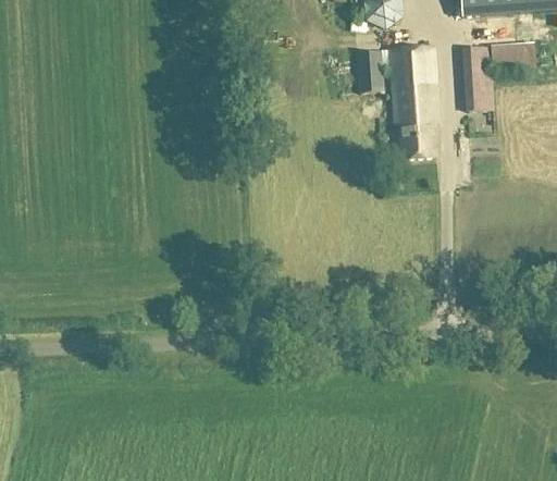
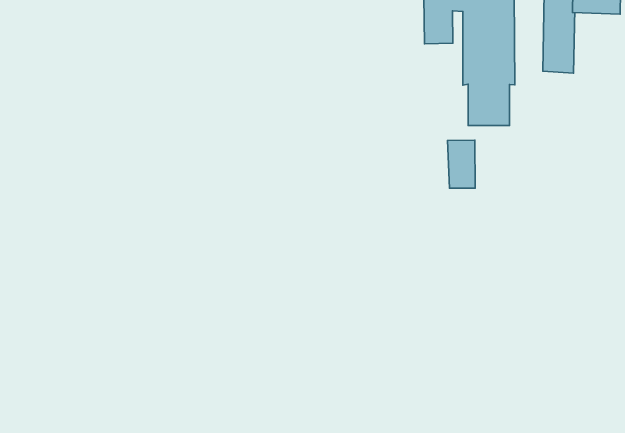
building: none -> [447,140,475,188]

